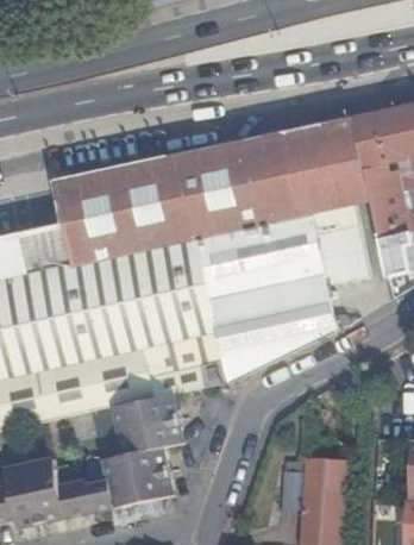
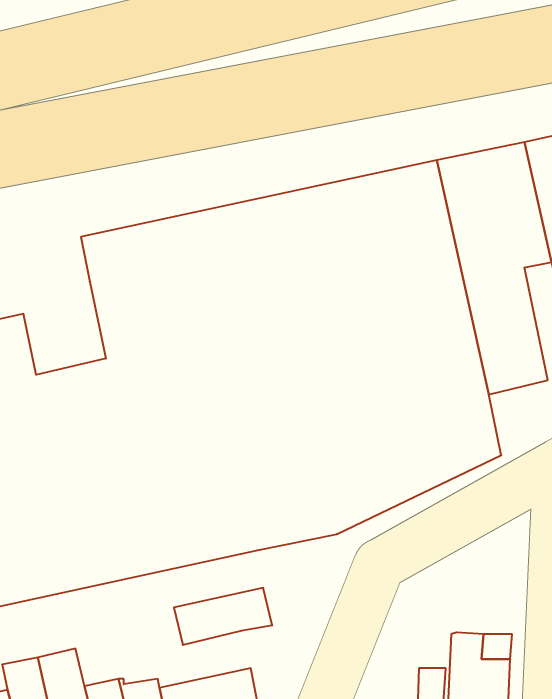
building: [19,212,74,274] -> none
building: [114,390,178,428] -> none
building: [105,444,170,482] -> none

